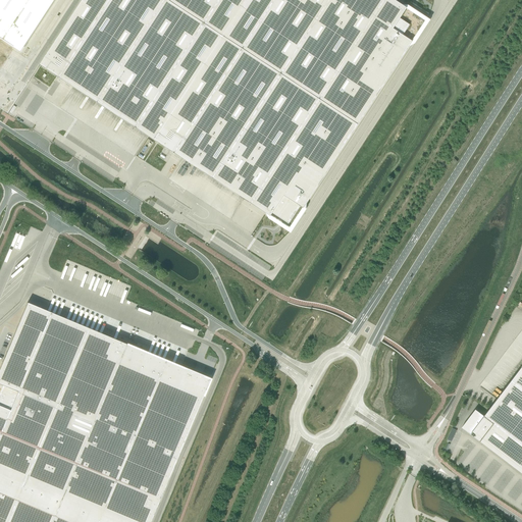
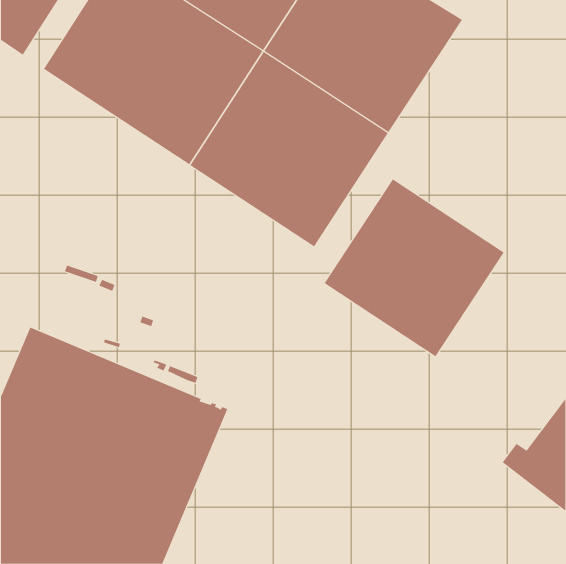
building: none -> [324,179,504,357]

